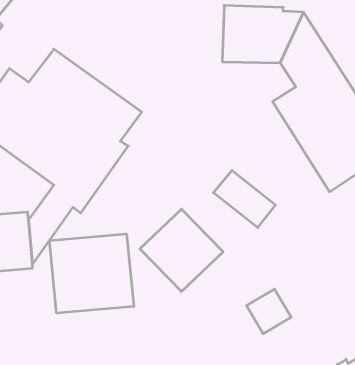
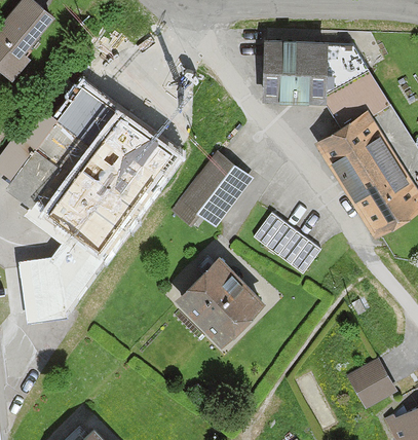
building: none -> [173,152,253,228]
building: [49,234,134,313] -> none
building: [247,289,291,334] -> [347,360,394,407]

